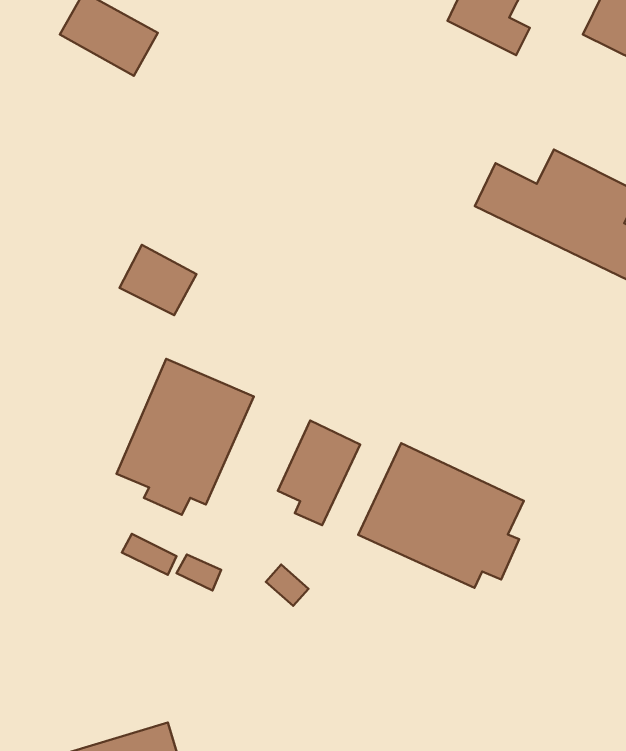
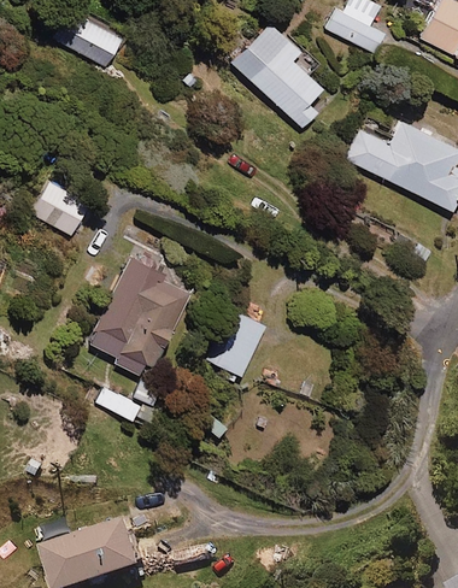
building: none -> [230,20,321,127]
building: [119,245,197,315] -> [31,184,86,234]
building: [358,443,524,588] -> none

